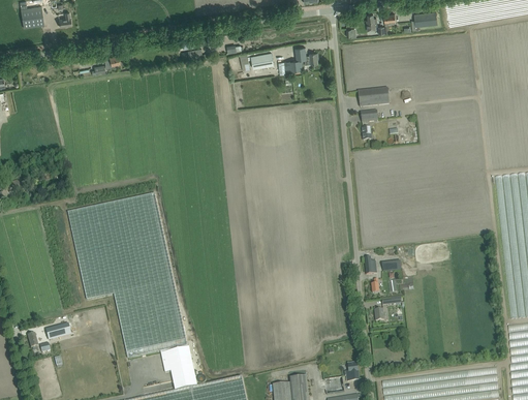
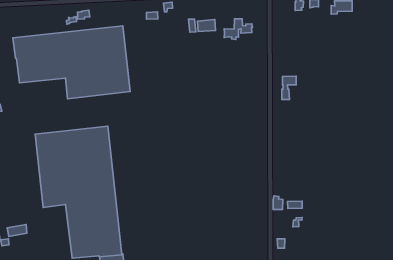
building: none -> [13,26,130,99]
building: [358,88,389,106] -> none

